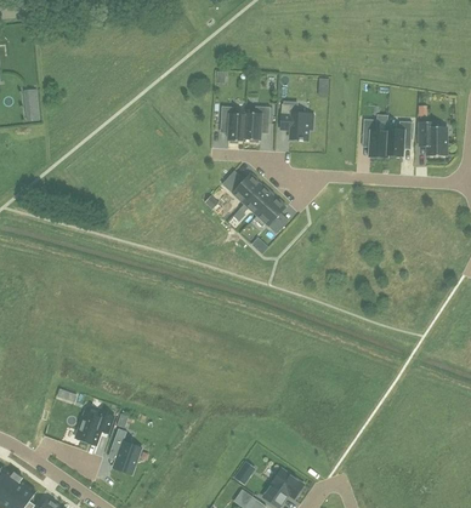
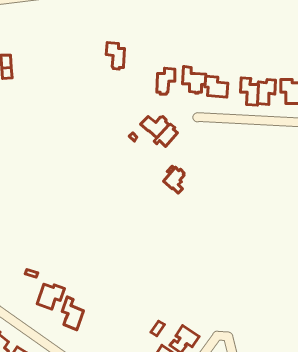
building: [219,105,244,143] -> [106,43,124,69]
building: none -> [205,76,228,97]
building: [255,196,284,233] -> [163,167,184,193]

